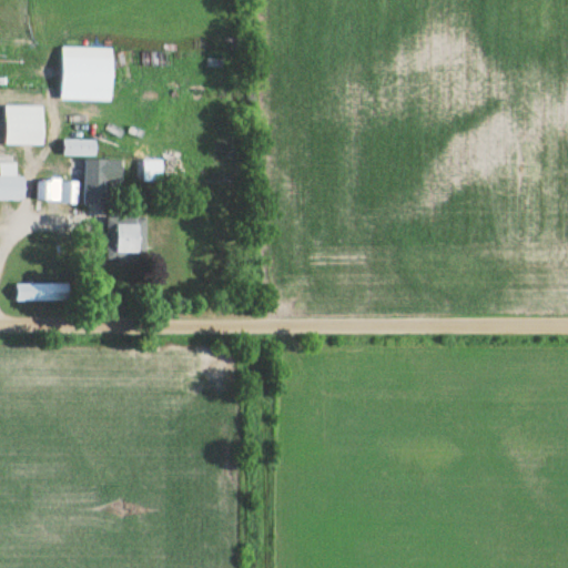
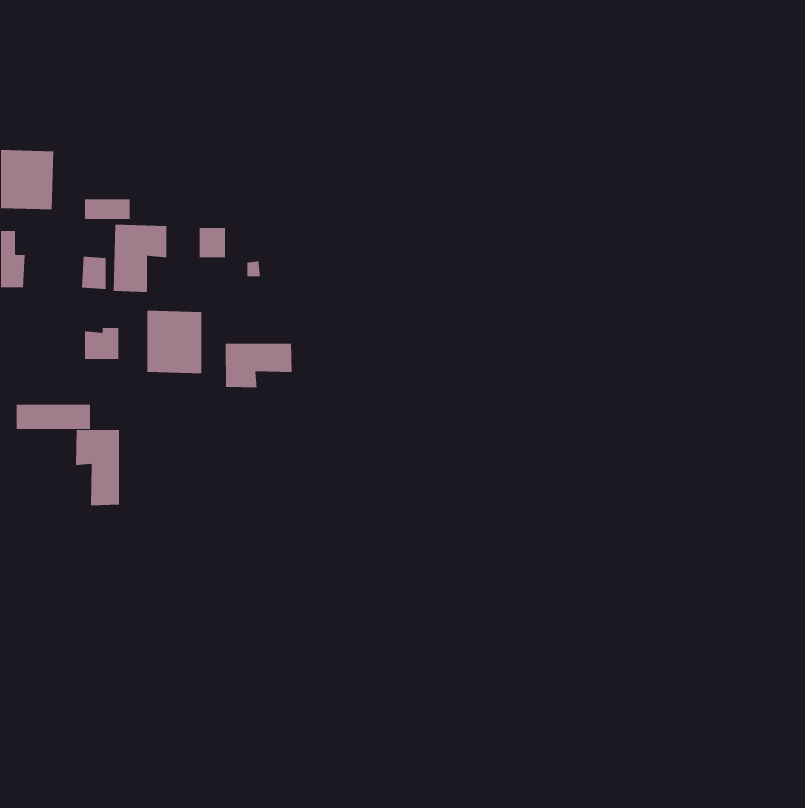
building: [61,45,113,99] -> none
building: [38,176,62,199] -> [84,328,119,359]
building: none -> [225,343,292,388]
building: none -> [75,429,120,506]

